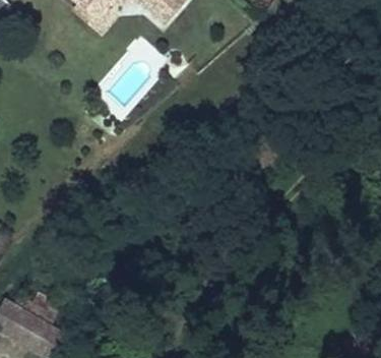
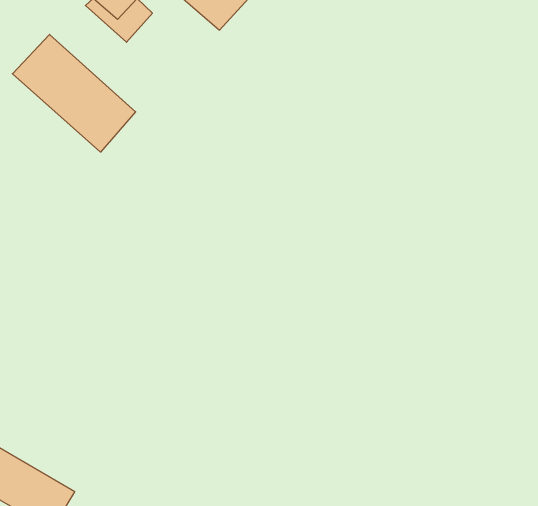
building: none -> [12,34,136,152]

